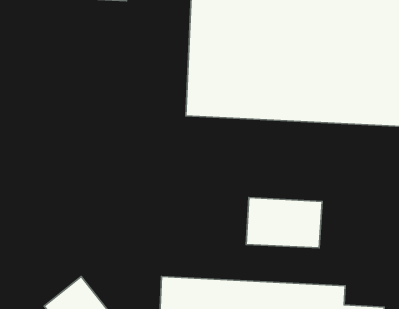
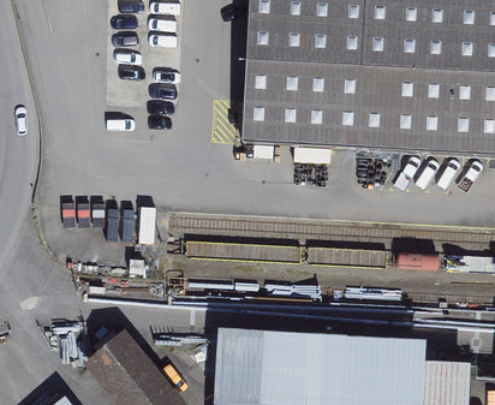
building: [246,197,322,248] -> none

